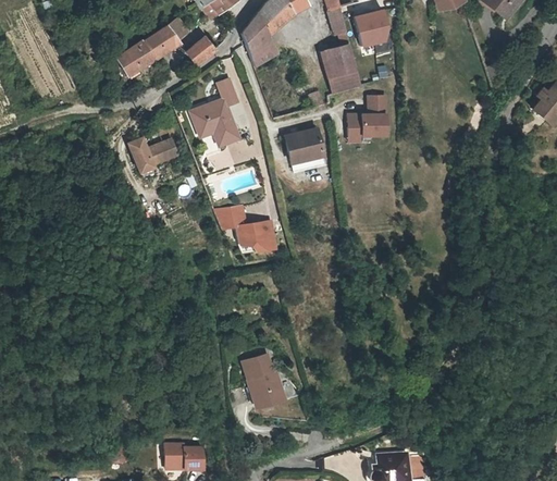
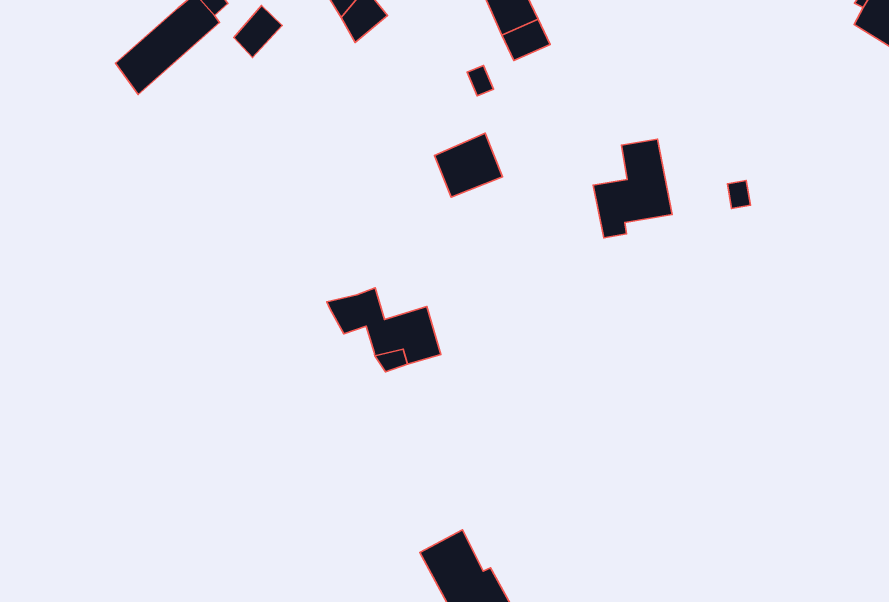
building: [188,79,237,145] -> none
building: [348,95,389,145] -> [593,139,672,238]
building: [131,137,176,176] -> none

